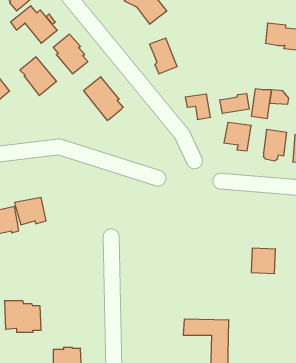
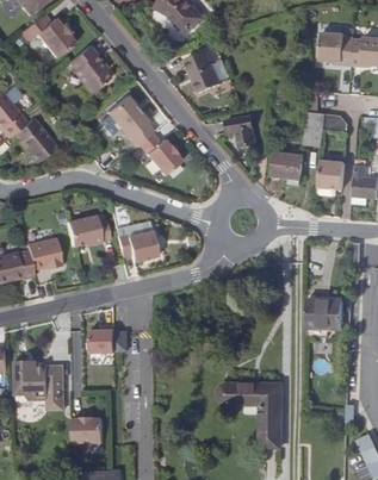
building: [20,57,57,95] -> [13,118,56,163]
building: [220,93,249,114] -> none
building: none -> [137,135,181,177]
building: none -> [66,216,100,248]
building: none -> [116,230,165,262]
building: none -> [88,326,113,354]

